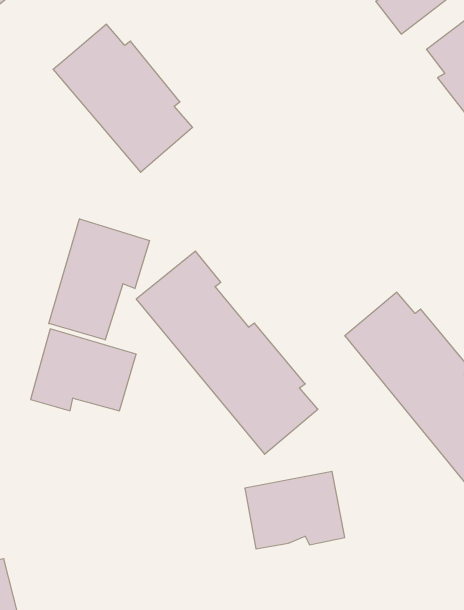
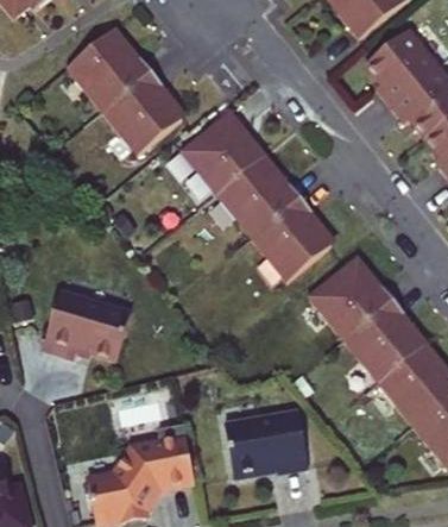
building: [49,219,149,340] -> none
building: [136,251,318,454] -> [177,111,330,282]
building: none -> [87,431,194,521]

